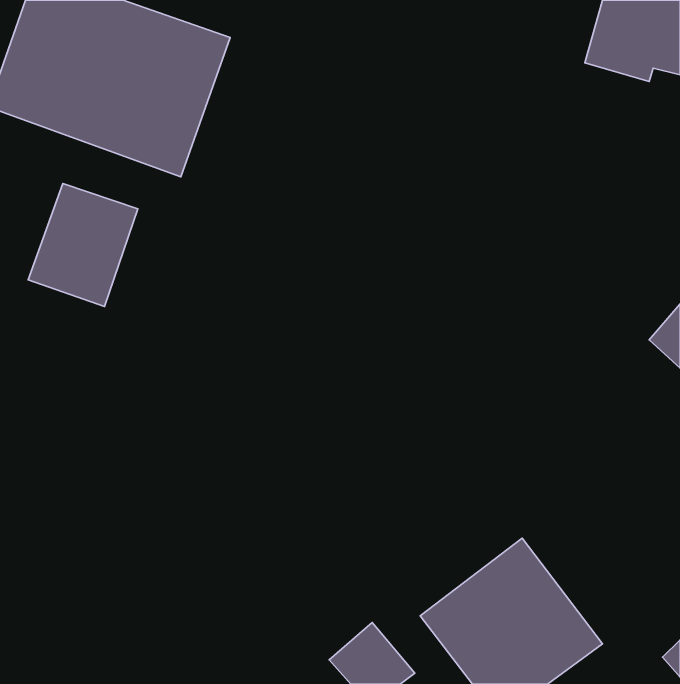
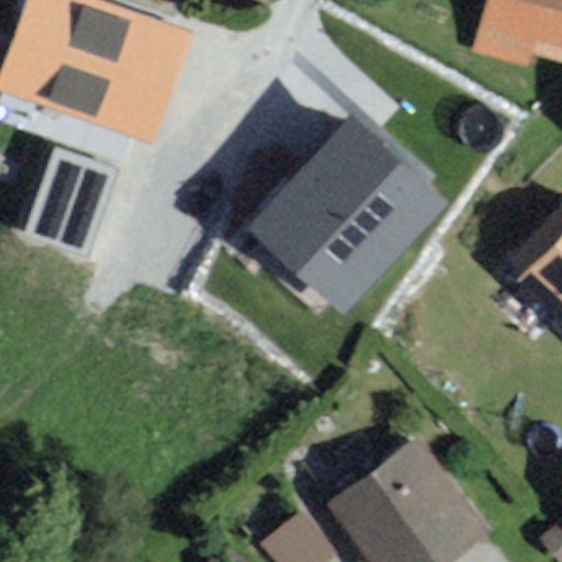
building: none -> [244,116,443,317]

